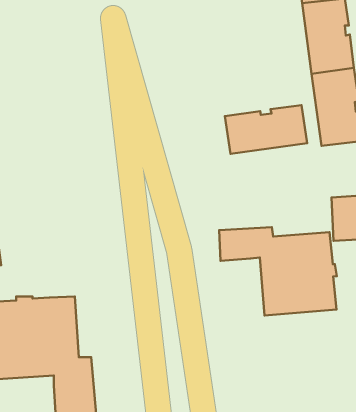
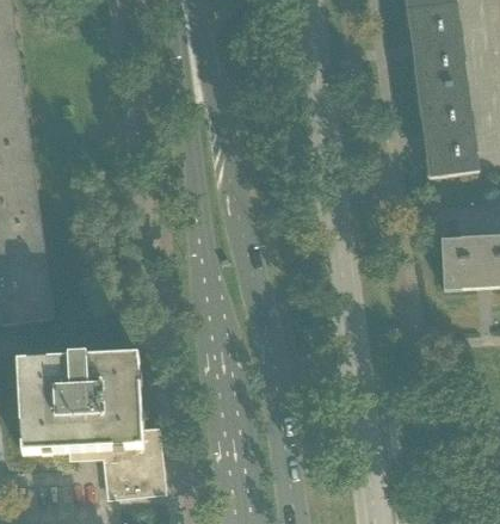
building: [225,105,307,154] -> none
building: [219,227,337,316] -> none

